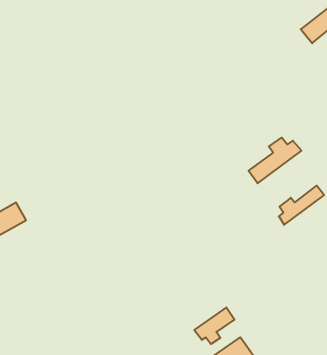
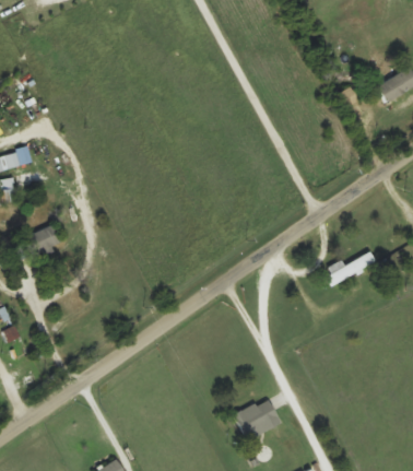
building: [249,138,301,183] -> none
building: [194,307,234,344] -> none

